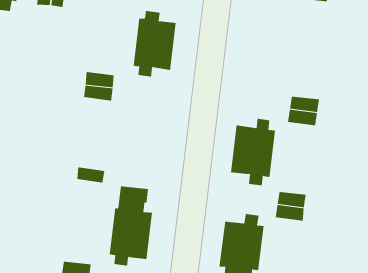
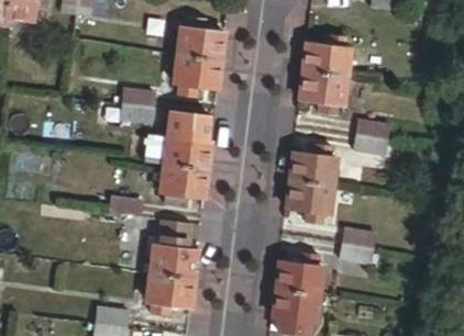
building: none -> [300,35,352,112]
building: none -> [161,127,211,205]

